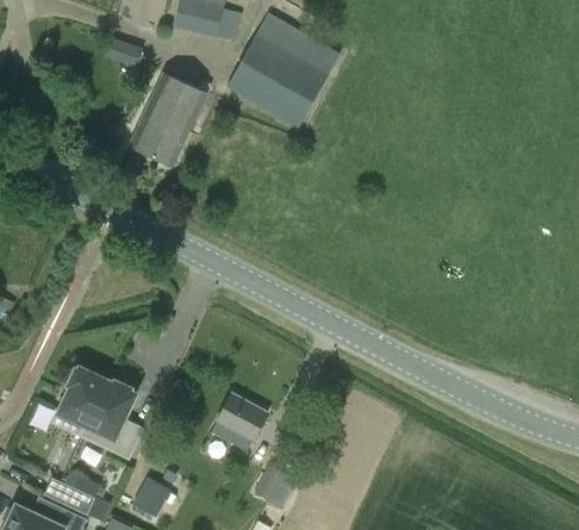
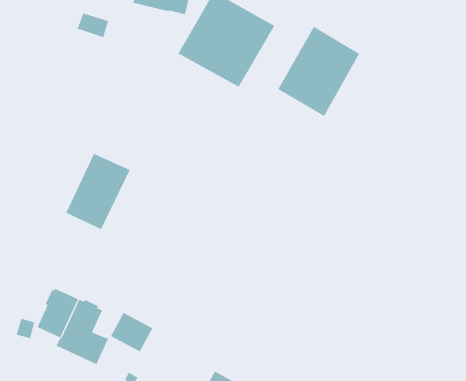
building: none -> [277,26,360,117]
building: [130,73,207,164] -> [66,153,130,230]
building: [217,393,268,441] -> [110,312,153,352]

